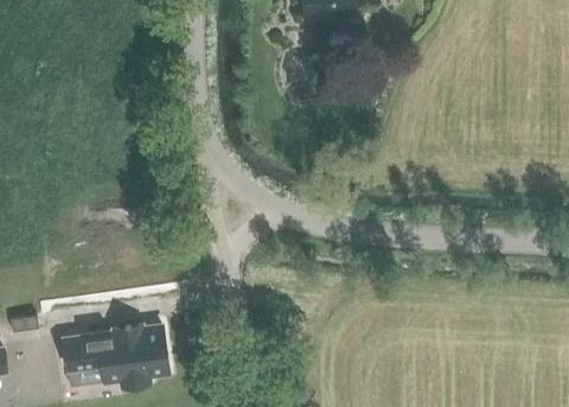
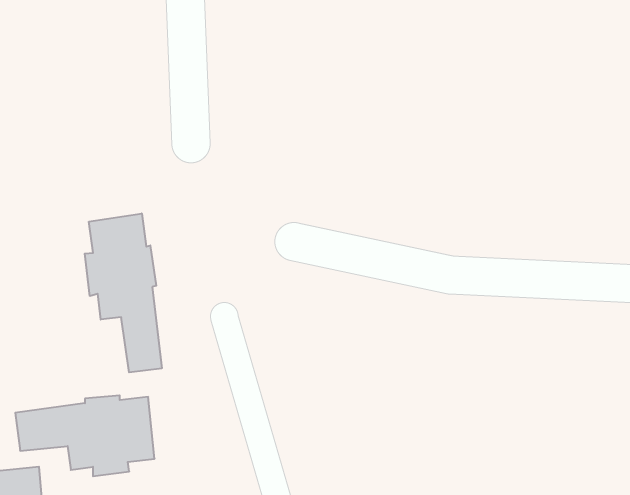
building: none -> [85,213,162,372]

